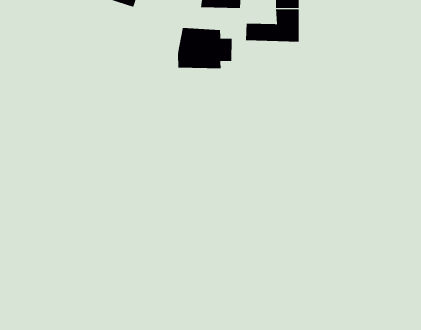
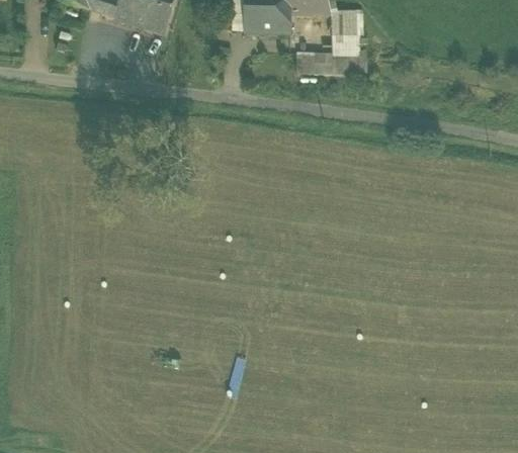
building: [178,27,232,69] -> none

